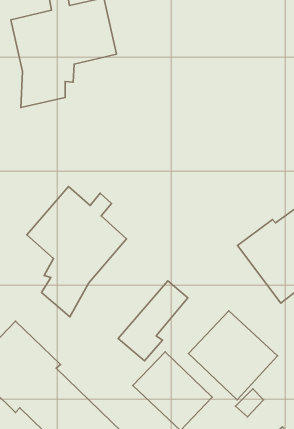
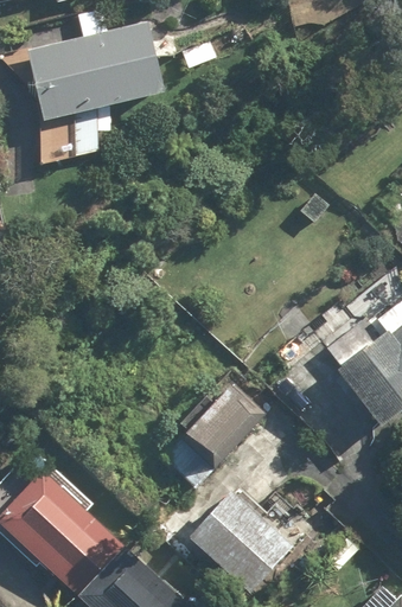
building: [27,186,127,317] -> none
building: [188,311,278,400] -> none

